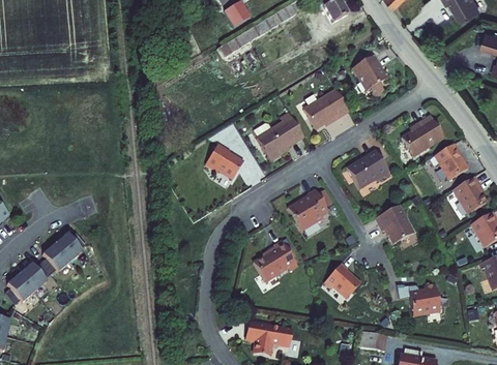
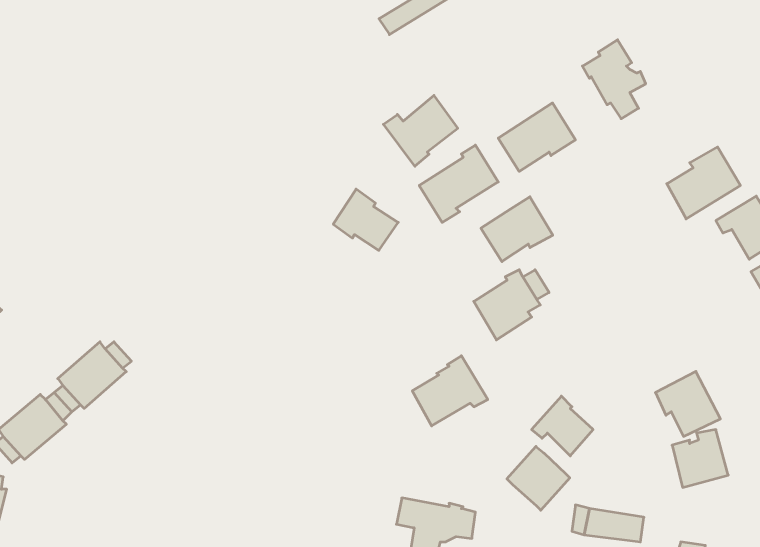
building: none -> [383,95,458,166]
building: [347,147,389,185] -> [481,197,553,262]
building: [375,207,413,245] -> [655,371,720,436]
building: none -> [507,446,570,510]

